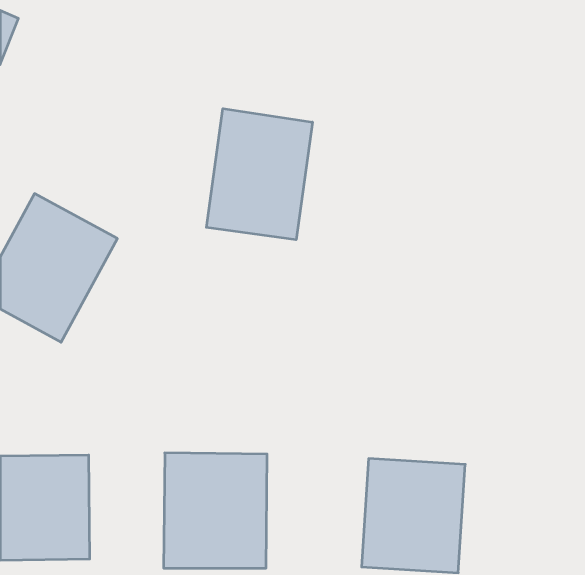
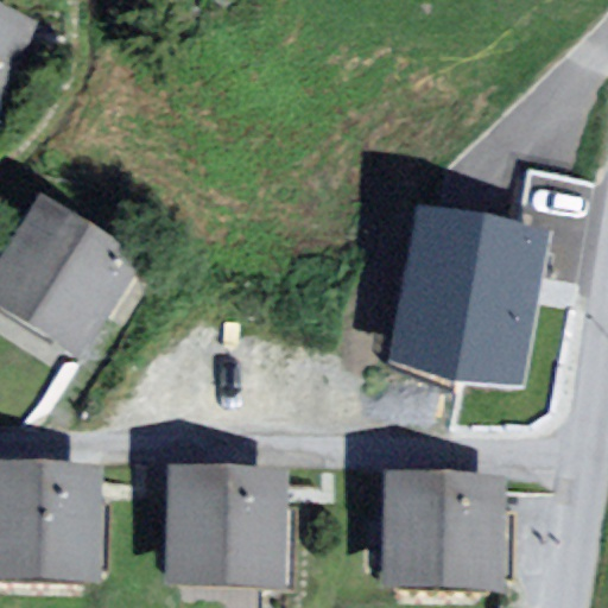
building: [206,109,312,240] -> none
building: none -> [395,152,598,360]

